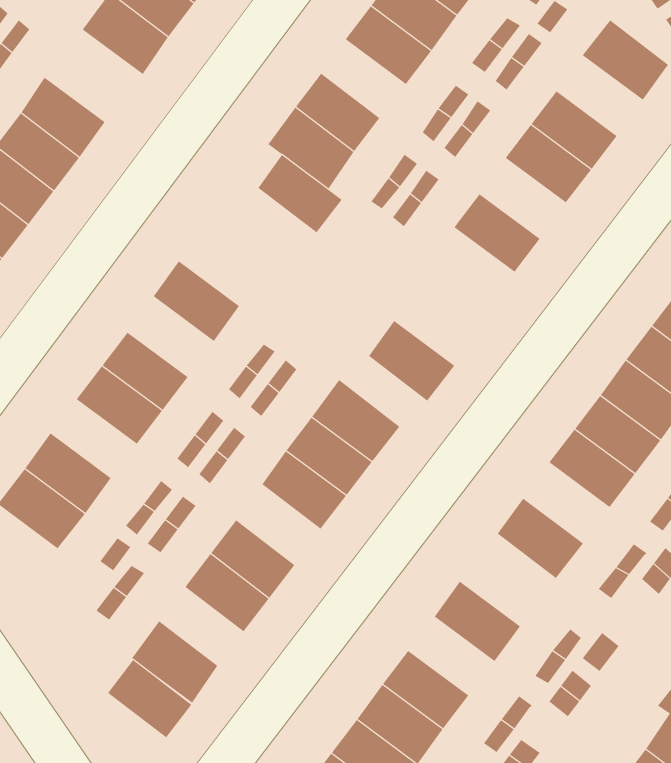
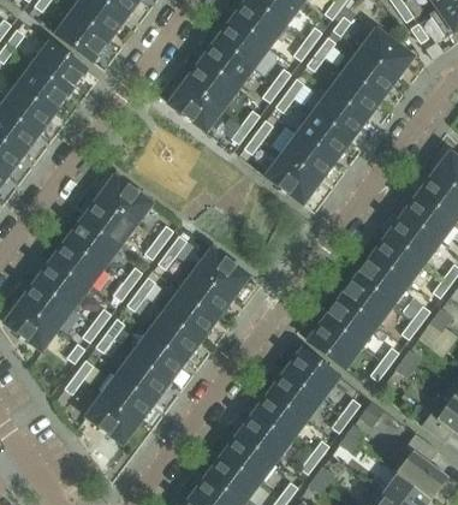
building: none -> [32,42,87,91]
building: none -> [344,50,397,100]
building: [258,154,343,233] -> [201,41,252,89]
building: none -> [297,113,350,162]
building: none -> [83,197,136,246]
building: [368,320,455,401] -> [266,155,319,204]
building: none -> [36,260,89,308]
building: none -> [323,298,376,347]
building: none -> [149,311,201,361]
building: none -> [285,349,339,398]
building: none -> [254,392,307,440]
building: [107,659,192,738] -> [102,374,154,422]

